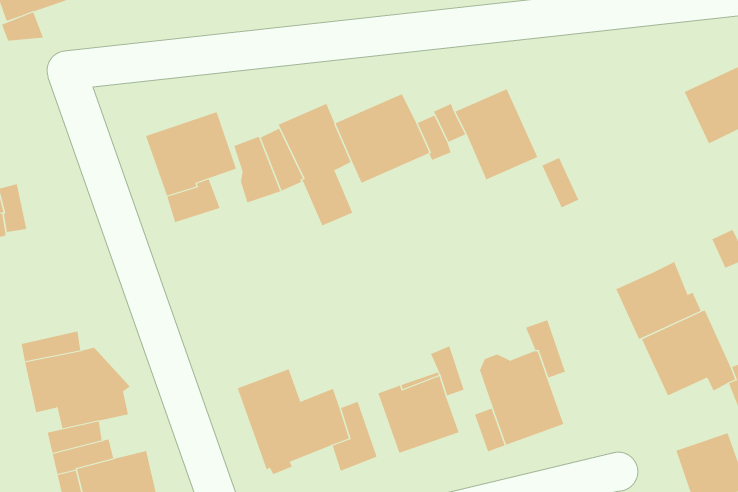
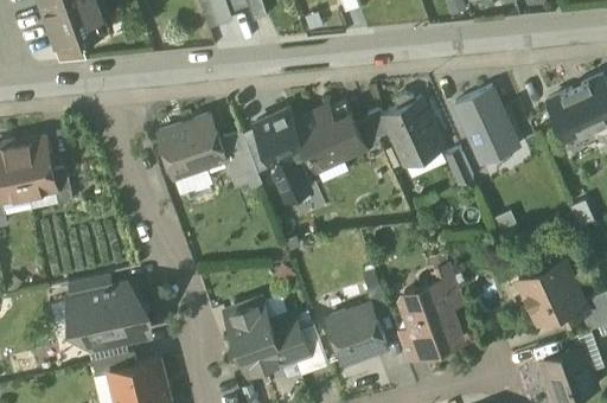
building: none -> [455,88,519,165]
building: [615,261,702,340] -> none

